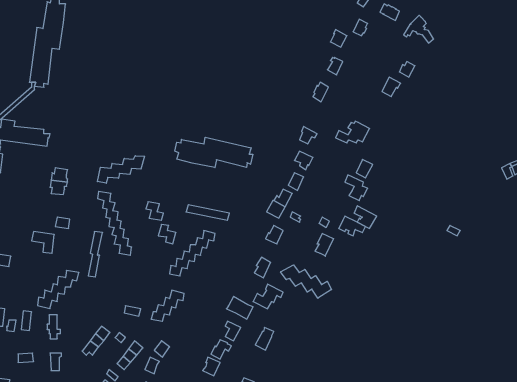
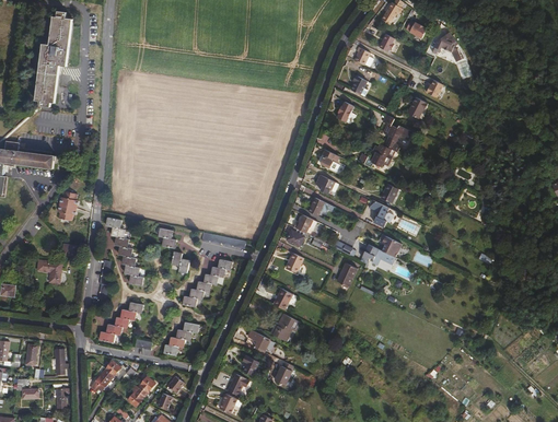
building: none -> [382,114,410,151]
building: [175,137,253,168] -> none
building: [97,156,145,183] -> none
building: [281,265,332,298] -> none
building: [38,270,79,309] -> [100,303,143,343]

